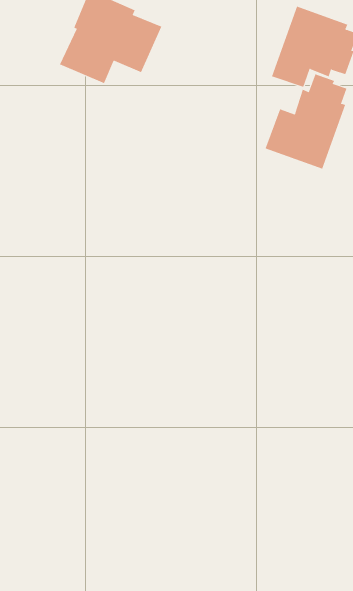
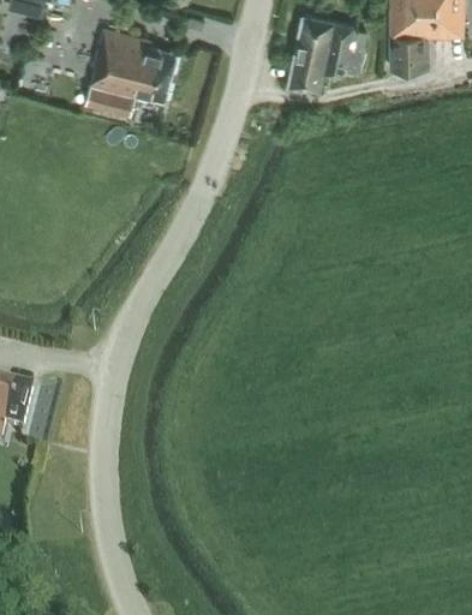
building: [265,74,347,170] -> none

